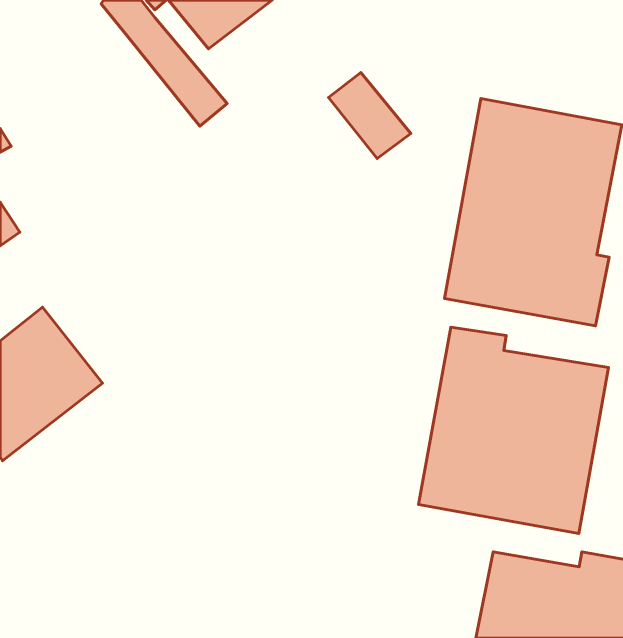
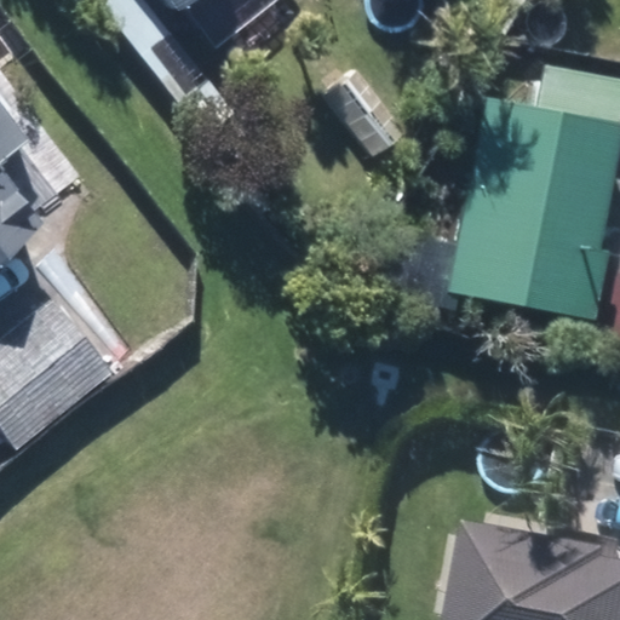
building: [419,327,608,533] -> none

